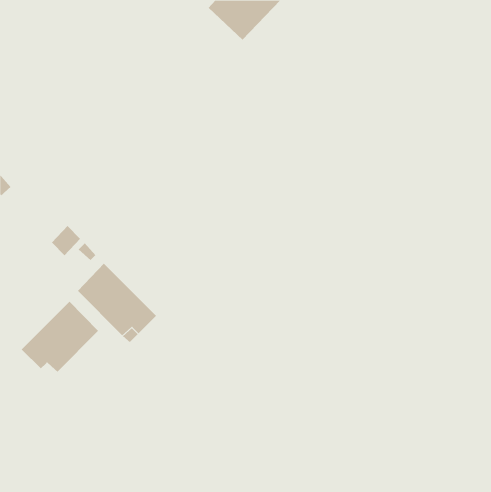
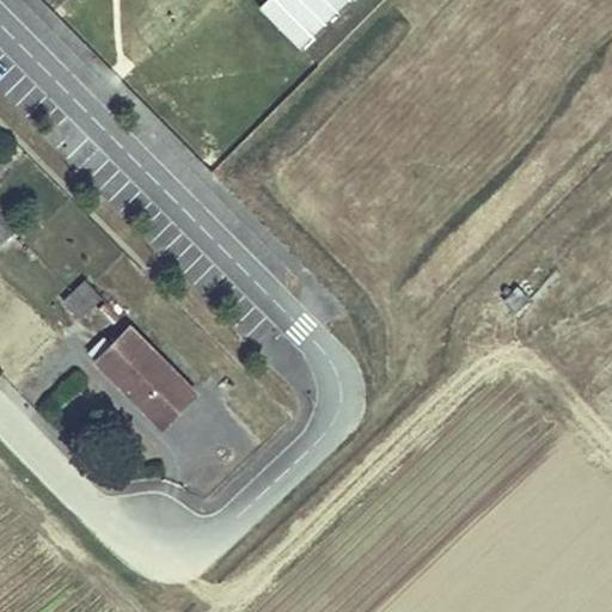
building: [21,301,99,373] -> none

